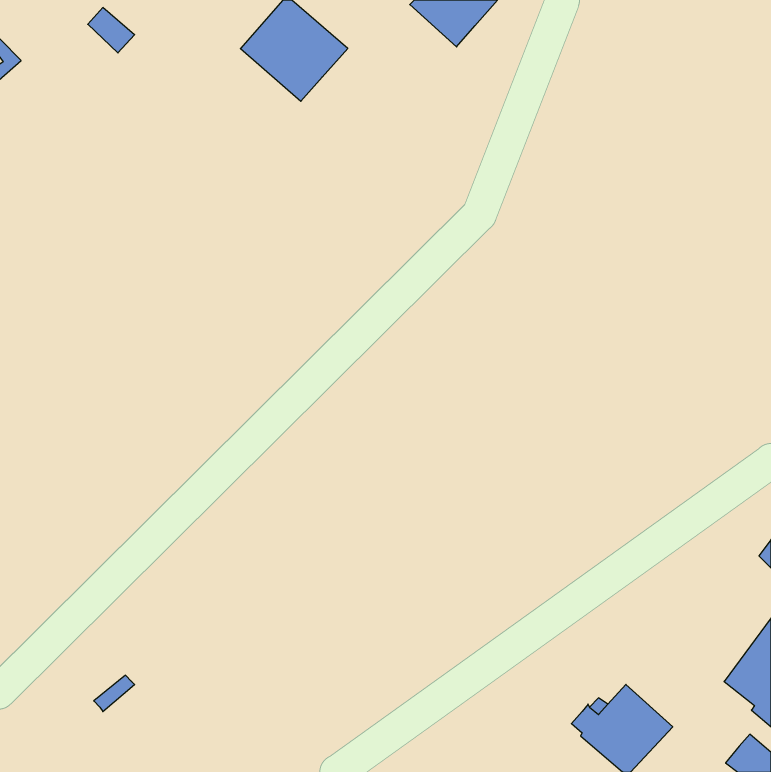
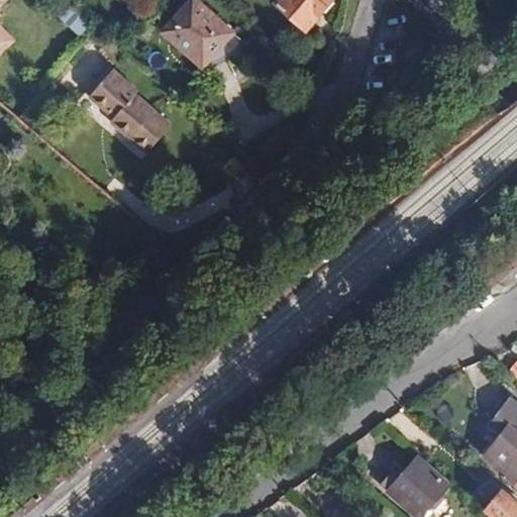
building: none -> [89,73,174,153]

